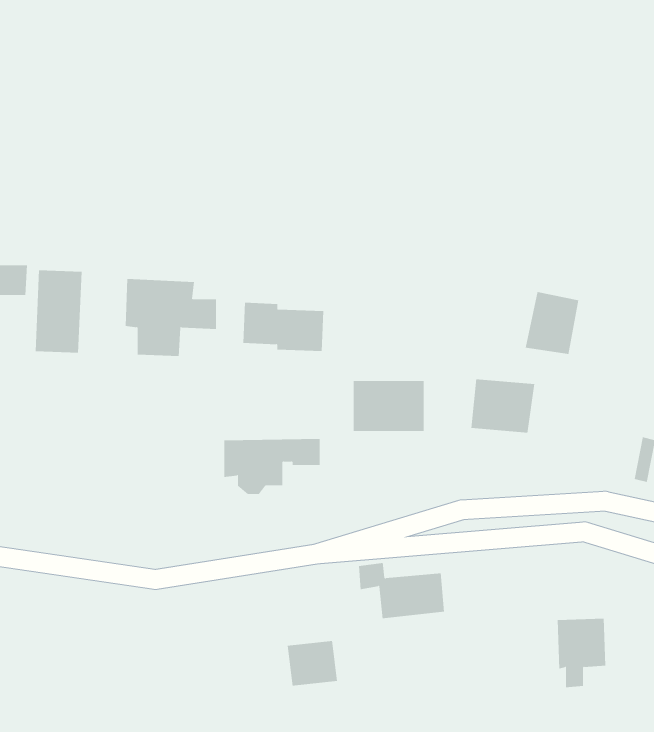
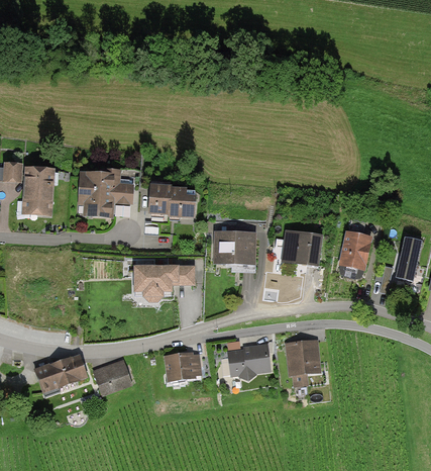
building: [525,292,579,355] -> [339,230,371,268]
building: none -> [33,355,85,390]
building: none -> [94,361,129,389]
building: [557,618,606,688] -> [289,341,318,382]
building: [287,640,338,686] -> [164,352,194,379]

